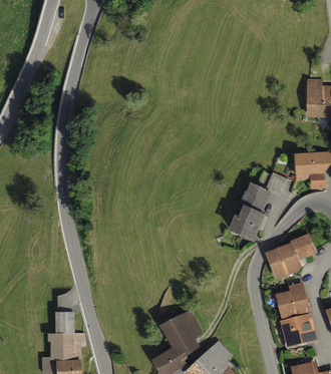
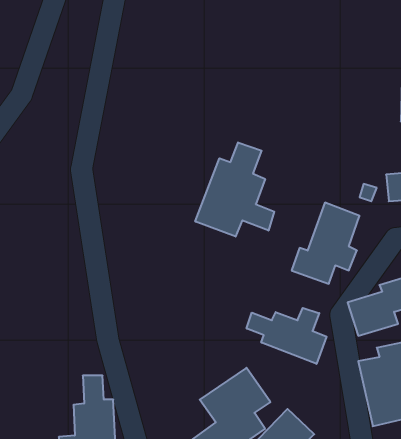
building: none -> [195,142,274,237]
building: none -> [247,308,327,364]

